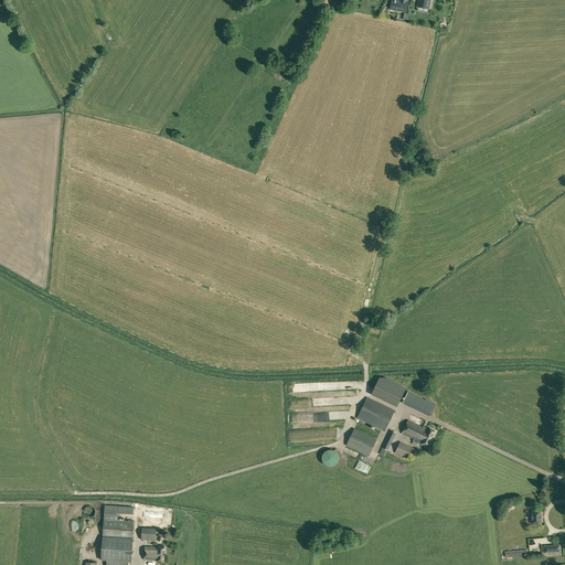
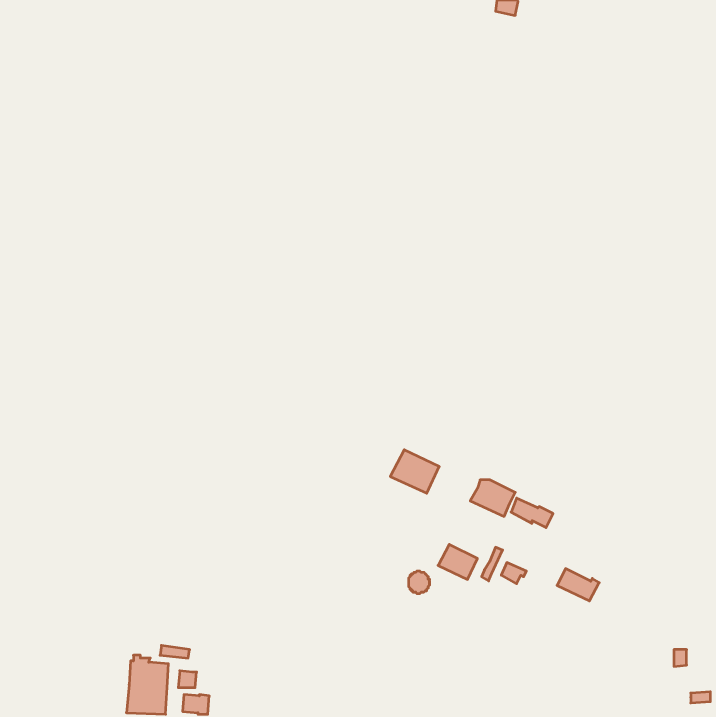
building: [355,397,394,431] -> [390,450,439,493]
building: [401,420,434,446] -> [557,569,599,601]

